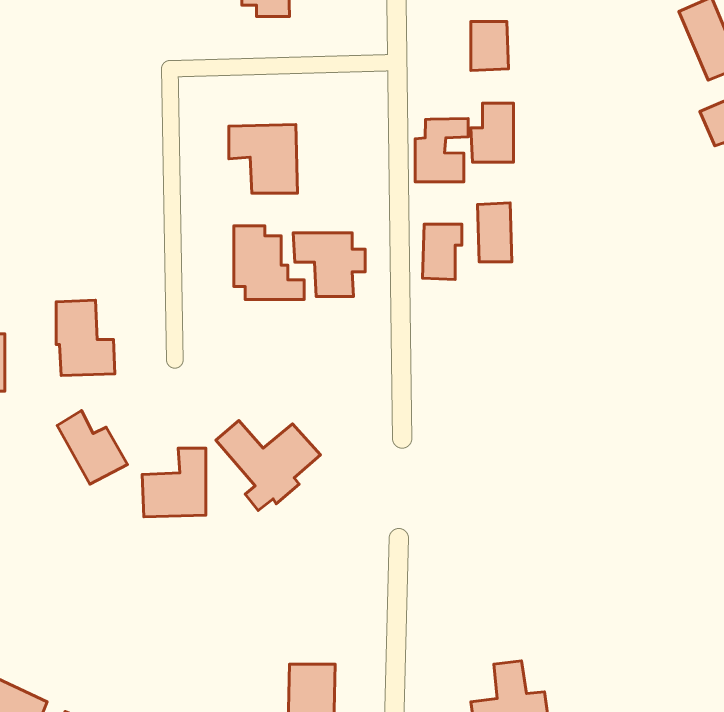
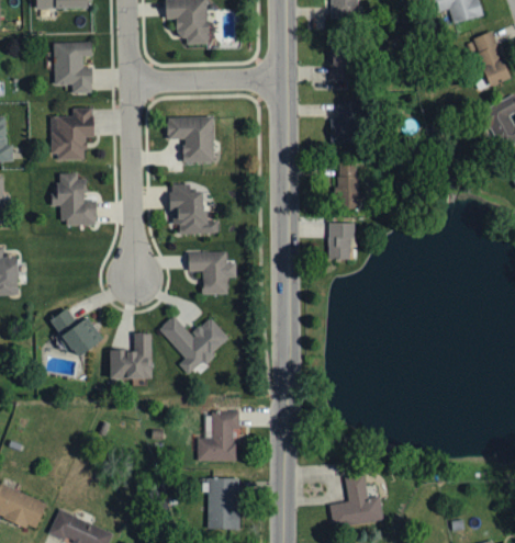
building: none -> [54,43,92,93]
building: none -> [52,108,94,161]
building: [415,118,468,182] -> none
building: [422,224,462,280] -> [328,223,355,260]
building: [293,233,365,296] -> [188,251,236,294]
building: [56,300,115,376] -> [58,174,98,225]
building: none -> [197,411,239,461]

